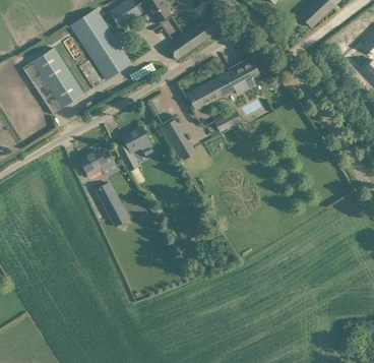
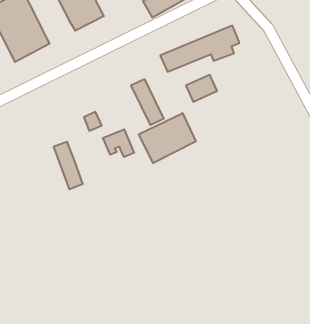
building: [122,127,152,153] -> [103,129,134,157]
building: none -> [139,113,196,163]
building: [79,149,115,176] -> none

